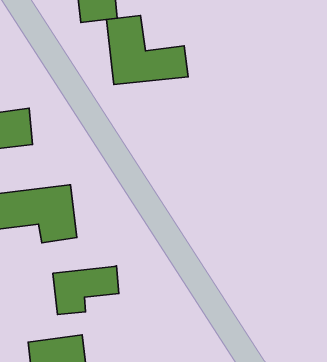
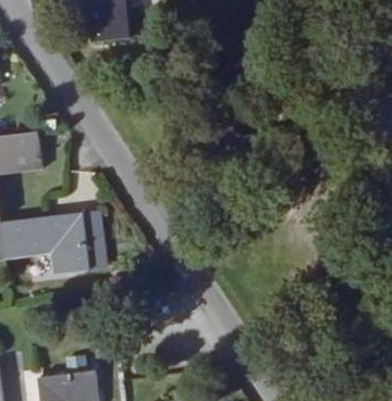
building: [106,15,188,85] -> none
building: [53,266,119,314] -> none

